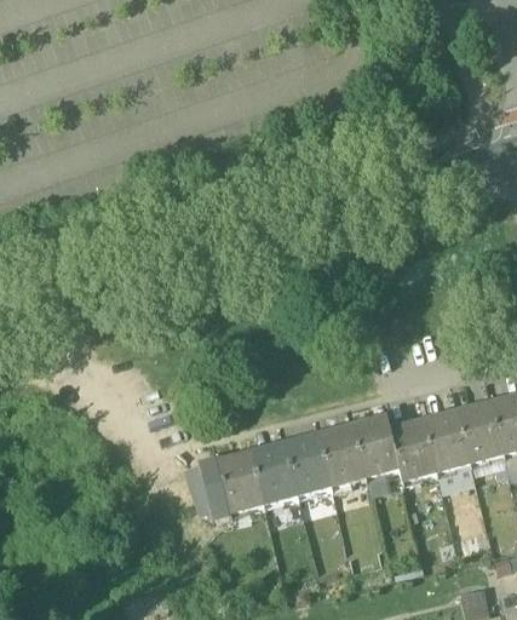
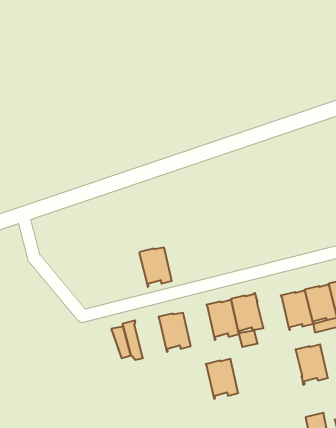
building: [390,421,436,478] -> [295,344,328,385]
building: [285,435,331,492] -> [206,359,238,399]
building: [217,453,263,509] -> [139,248,172,287]

